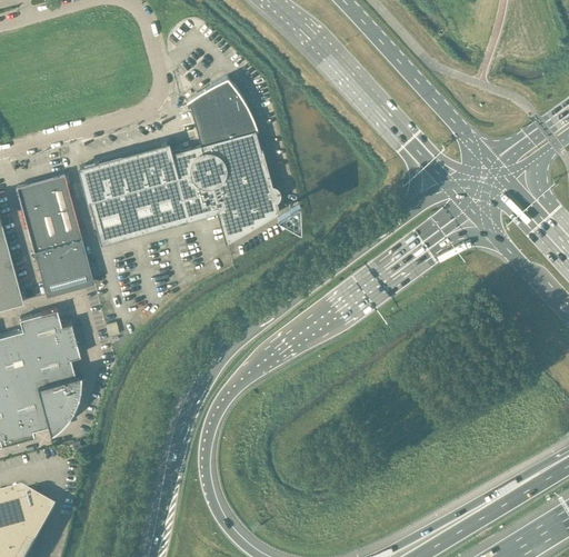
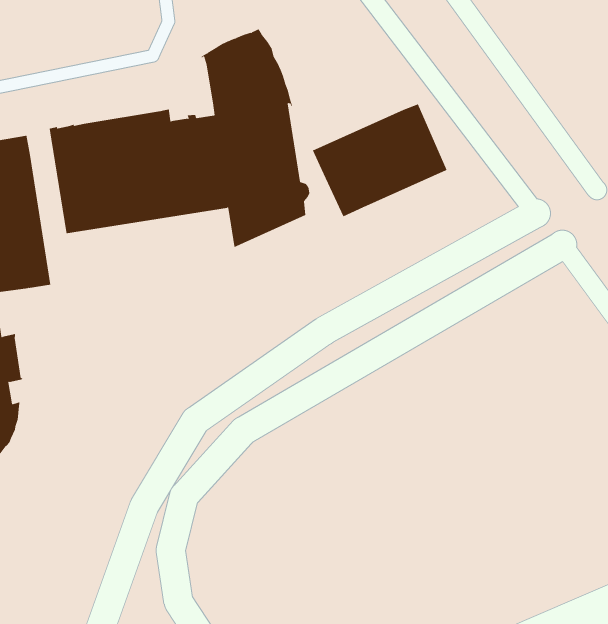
building: none -> [312,103,447,217]

